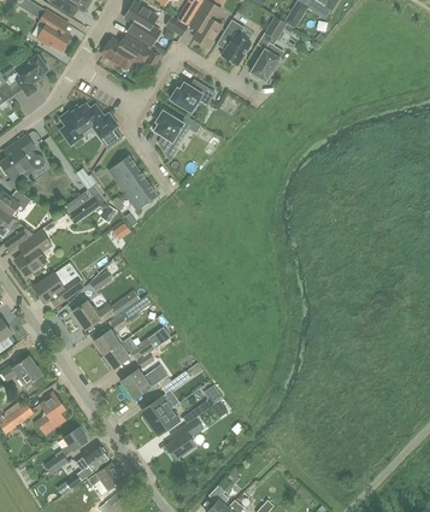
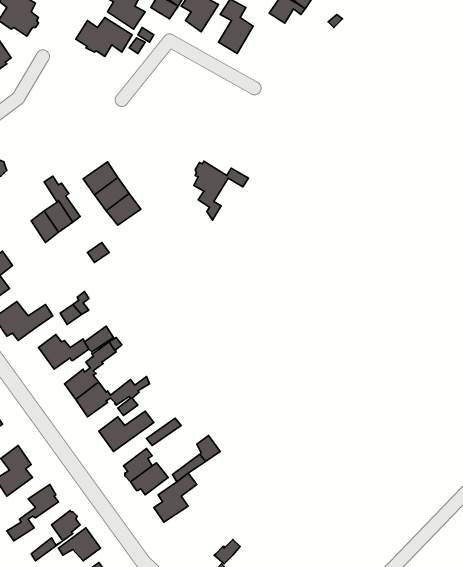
building: [251,43,279,81] -> none
building: [170,80,214,112] -> none
building: [60,104,117,143] -> none
building: [154,110,200,159] -> [194,161,248,220]

